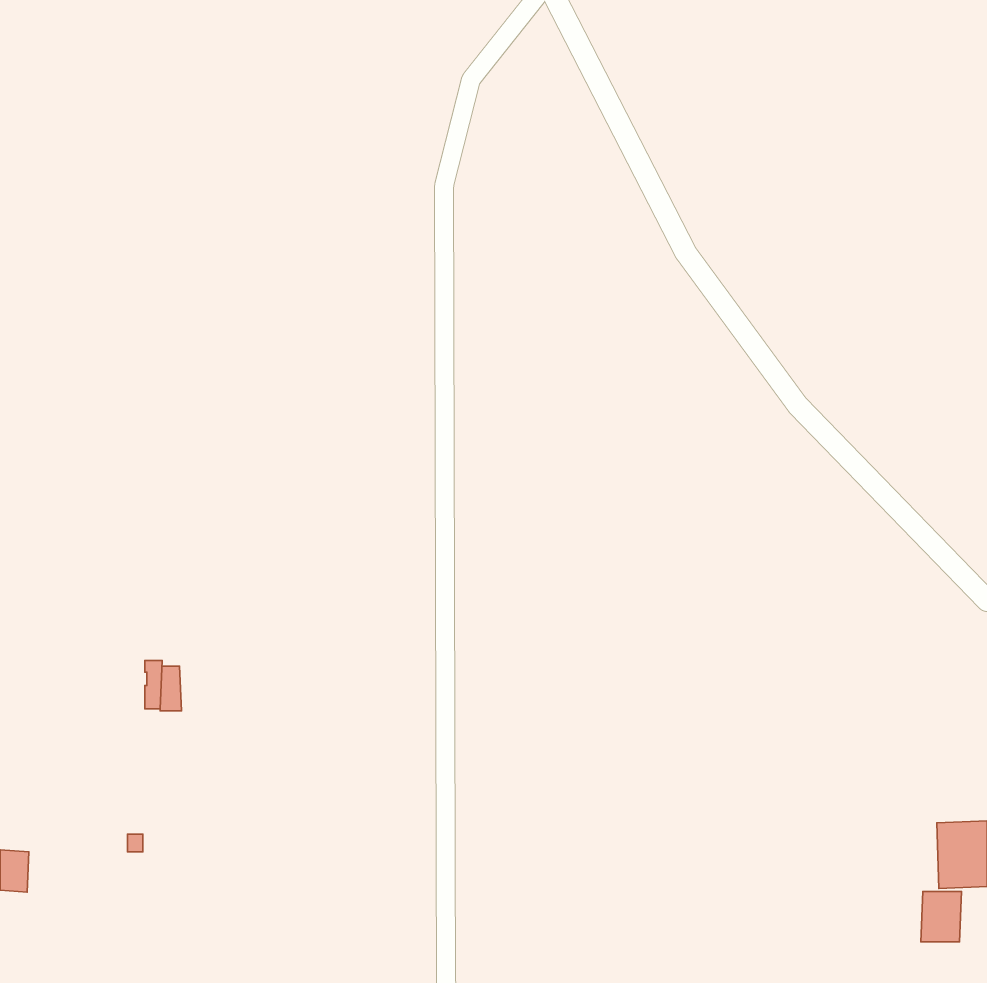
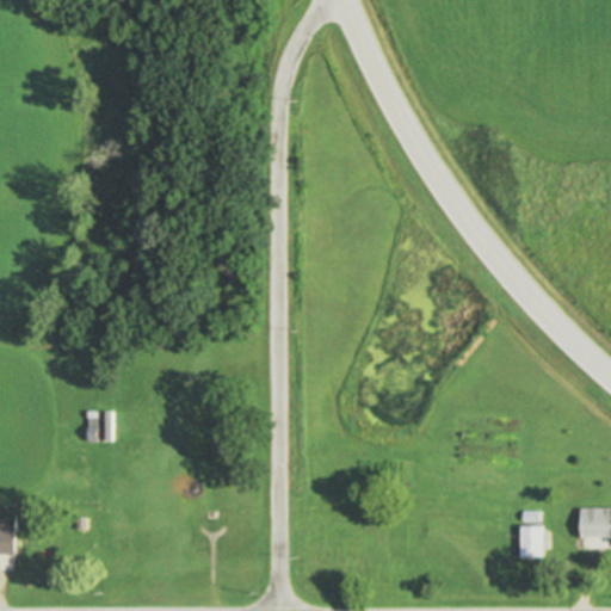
building: [921,892,962,942] -> [518,526,543,557]

